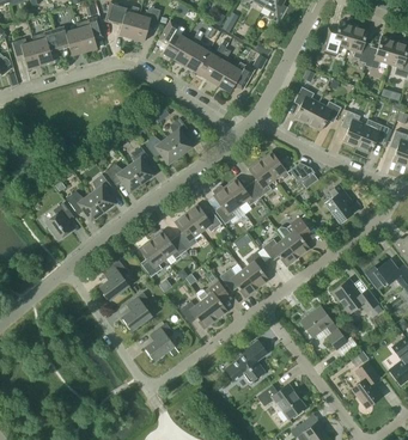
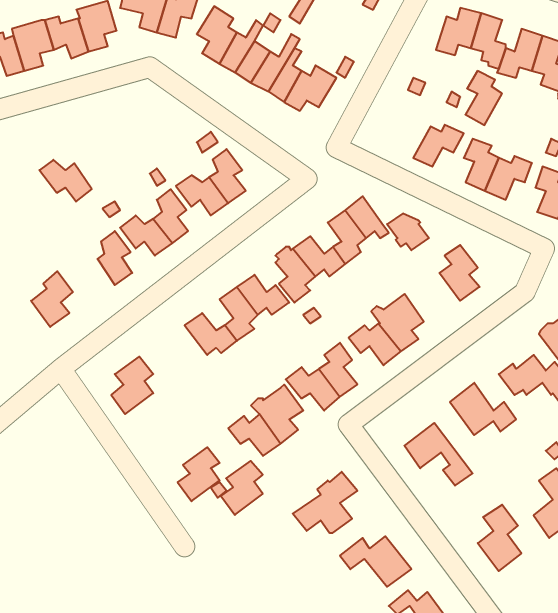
building: [293,87,318,124] -> [465,71,502,125]
building: [66,191,102,220] -> [39,160,92,202]
building: [139,239,165,277] -> none
building: [122,293,151,330] -> [221,461,263,515]

